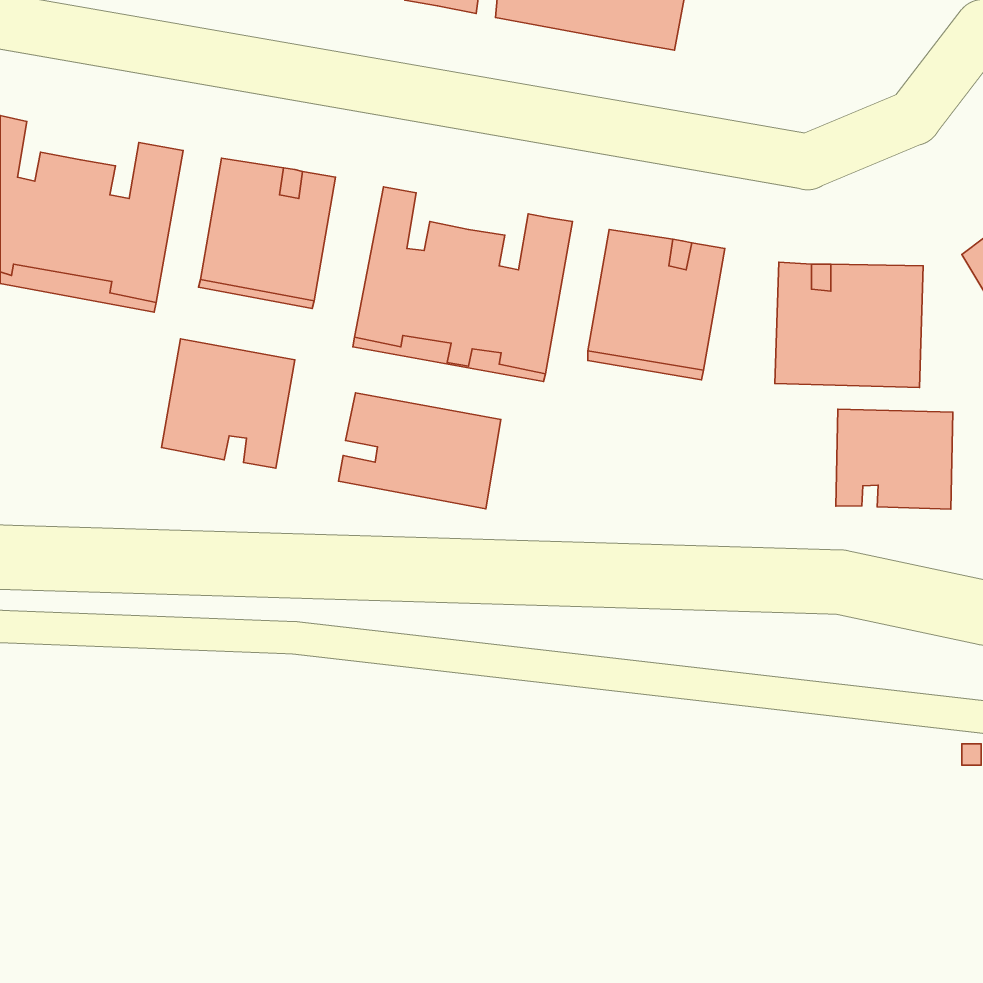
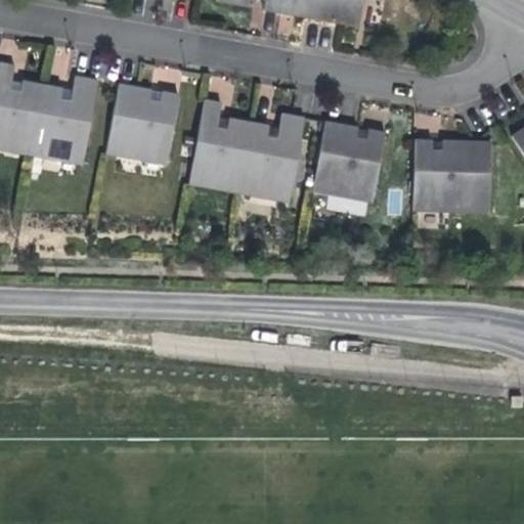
building: [161,339,295,468] -> none
building: [339,393,501,509] -> none
building: [836,409,953,509] -> none

